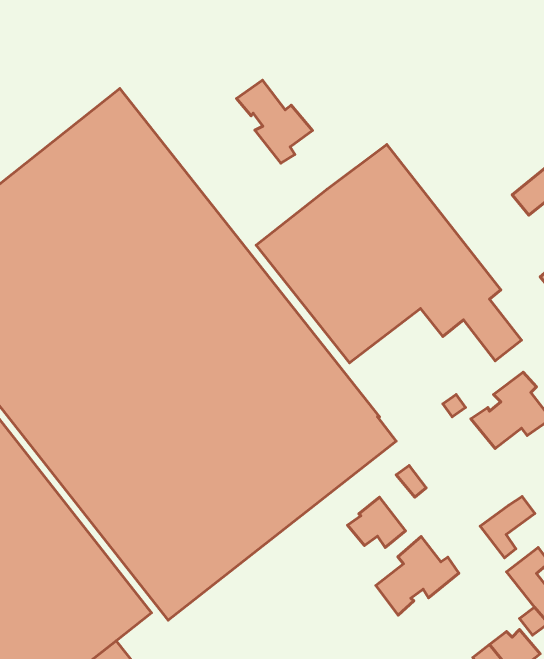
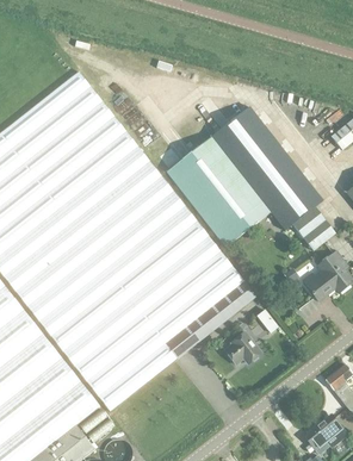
building: [236,80,312,163] -> none
building: [480,497,535,558] -> none
building: [376,536,459,615] -> none

